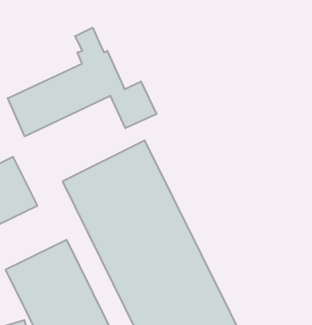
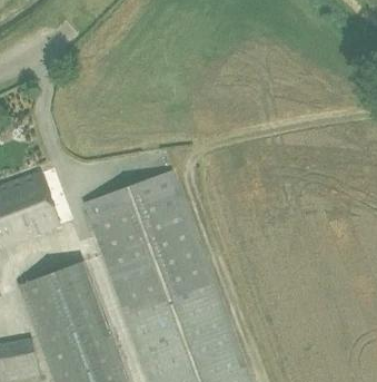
building: [8,28,156,136] -> none

